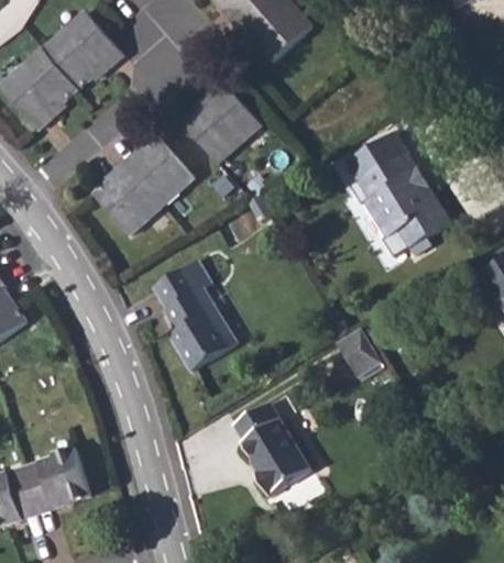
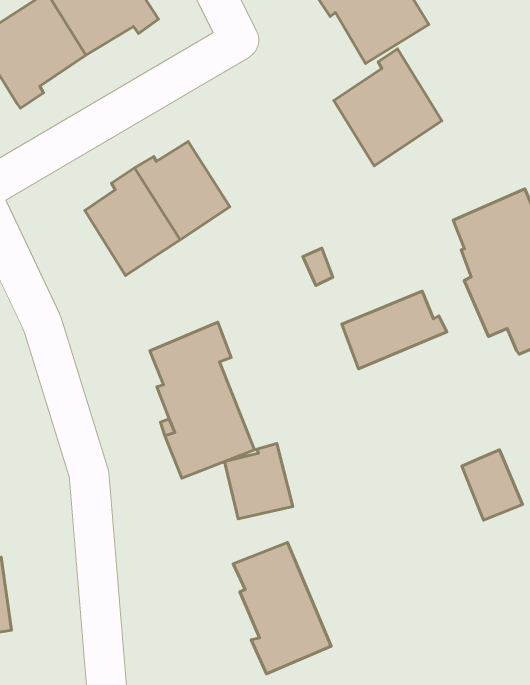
building: [183,80,260,164] -> [334,49,442,166]
building: none -> [342,291,447,369]
building: [336,328,382,378] -> [462,450,522,520]
building: none -> [224,444,293,519]

